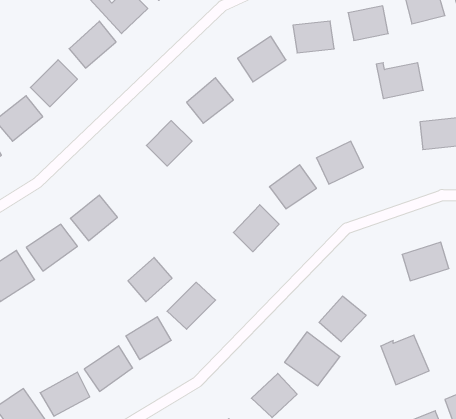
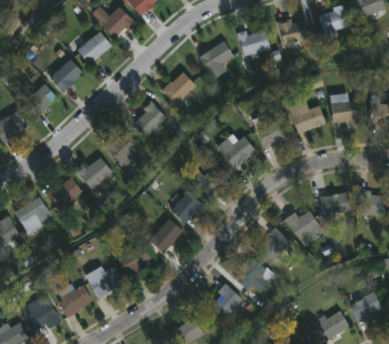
building: [376,63,423,99] -> [291,105,325,131]
building: none -> [104,128,141,165]
building: [128,257,172,302] -> [171,191,203,223]
building: [381,335,429,385] -> [287,209,322,245]

